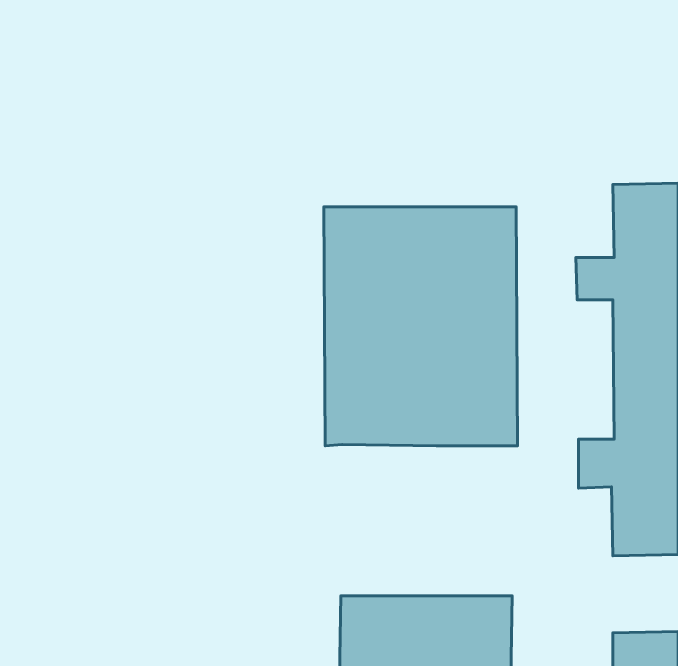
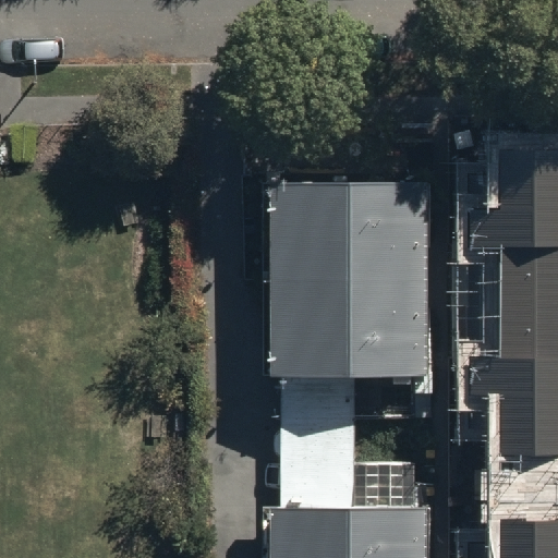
building: none -> [280,375,359,499]

